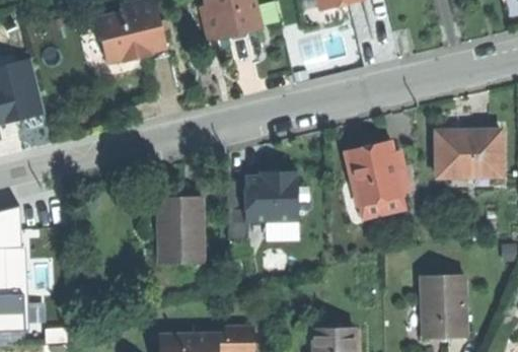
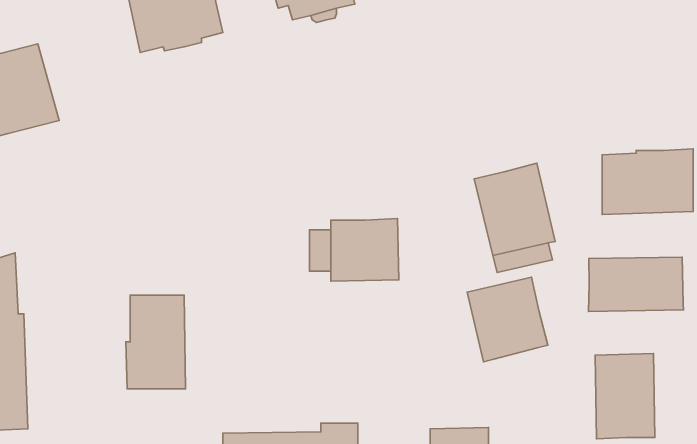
building: [158,196,201,263] -> [126,295,185,389]
building: none -> [589,257,684,312]
building: none -> [467,277,548,362]

